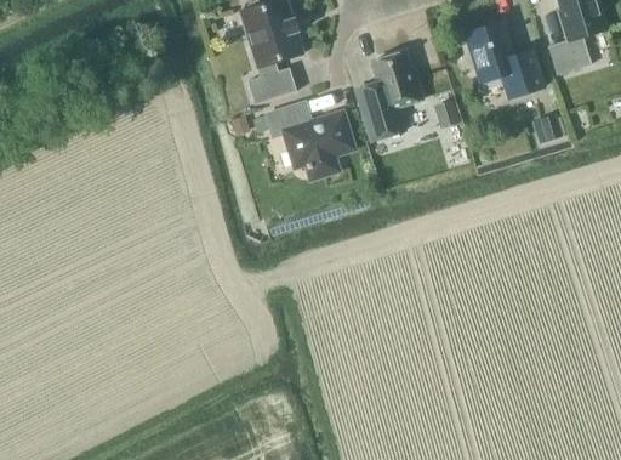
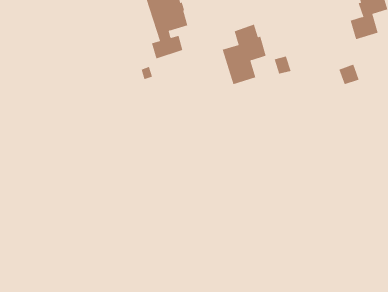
building: [466,19,543,97] -> none
building: [267,101,353,176] -> none

